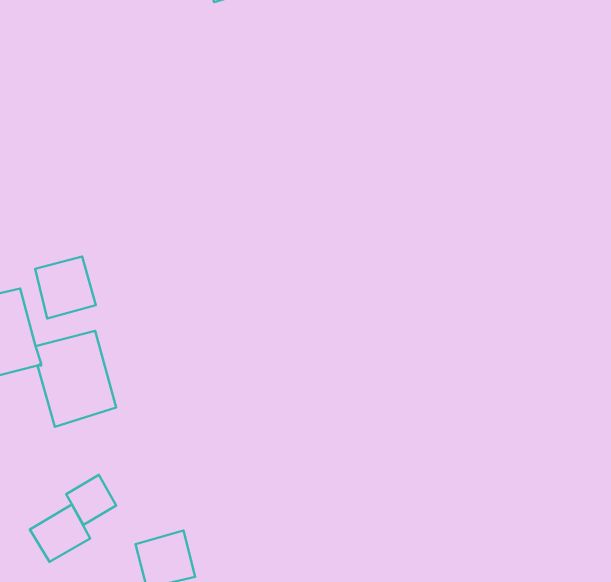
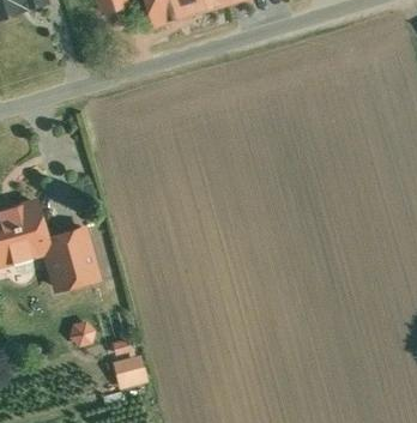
building: [35,257,96,318] -> none
building: [30,505,90,562] -> none

